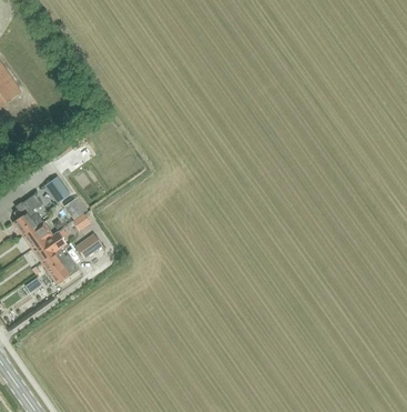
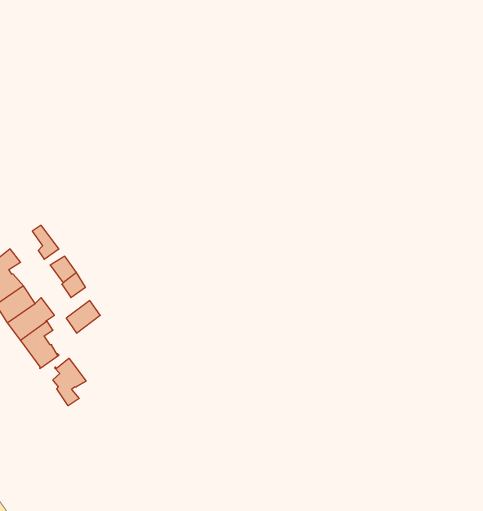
building: none -> [53,358,86,406]

